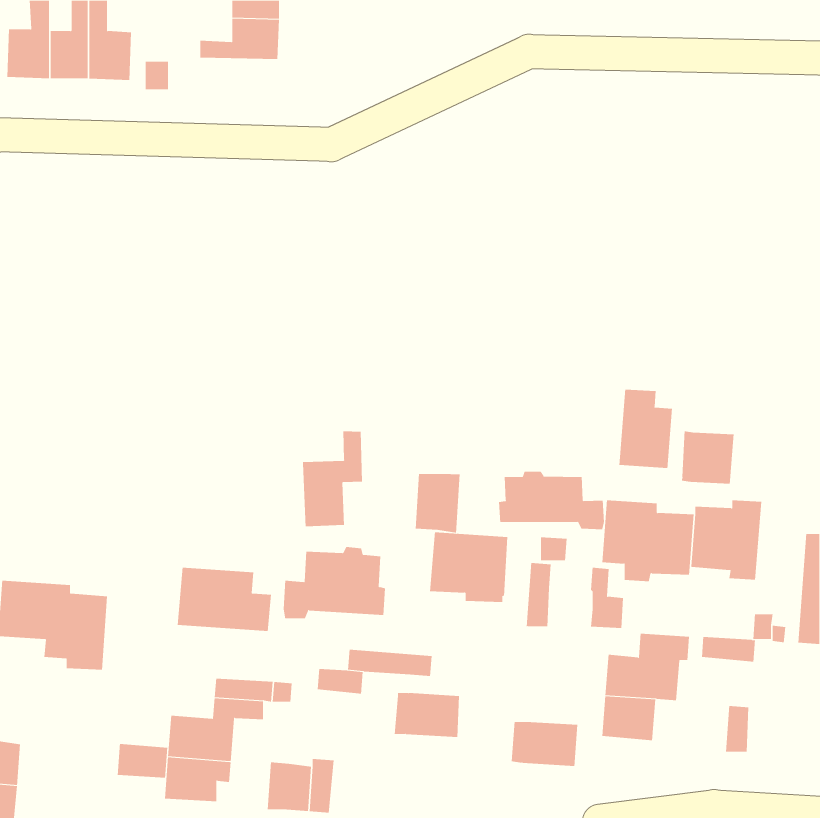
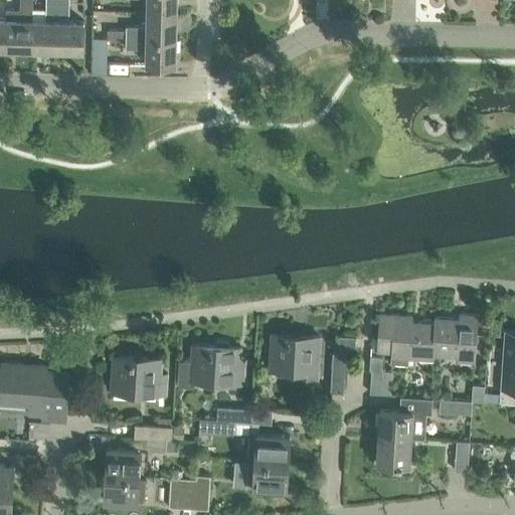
building: none -> [124,38,174,66]
building: [619,389,673,469] -> none
building: [682,431,734,484] -> none
building: [302,431,363,527] -> none
building: [499,471,604,530] -> none
building: [415,473,460,533] -> none
building: [511,721,578,766] -> [244,462,287,490]
building: [117,743,168,778] -> none

